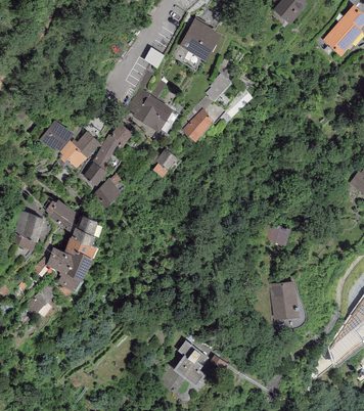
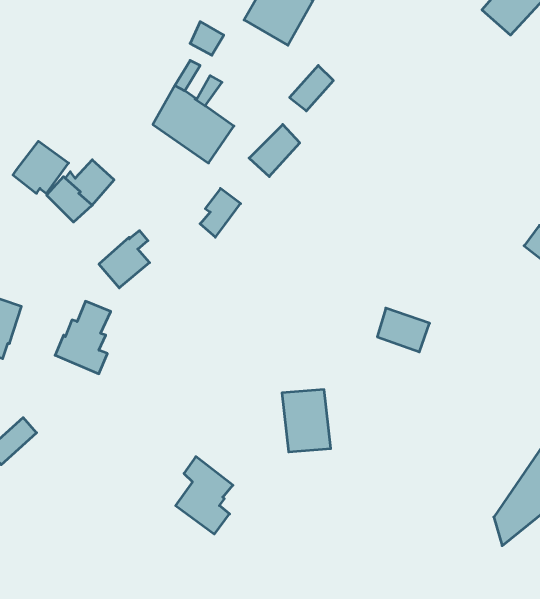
building: [82,124,132,186] -> none
building: [45,199,76,232] -> none
building: [46,247,93,293] -> none
building: [269,282,299,320] -> [282,390,331,452]
building: [173,340,208,387] -> [176,457,233,534]

